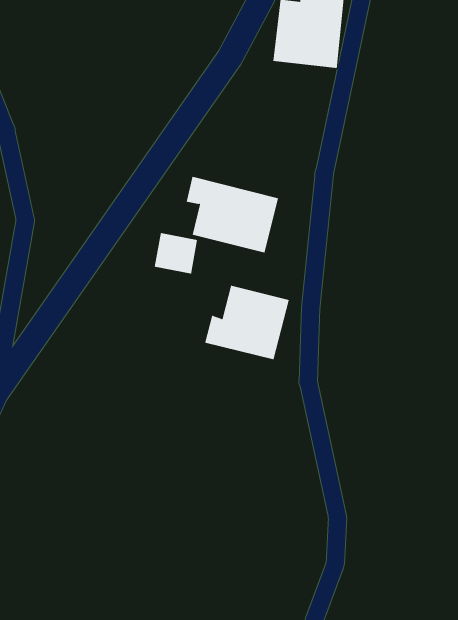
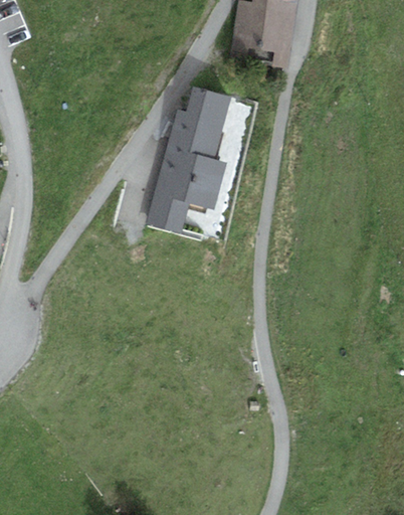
building: none -> [168,89,239,159]
building: [204,285,289,360] -> none

